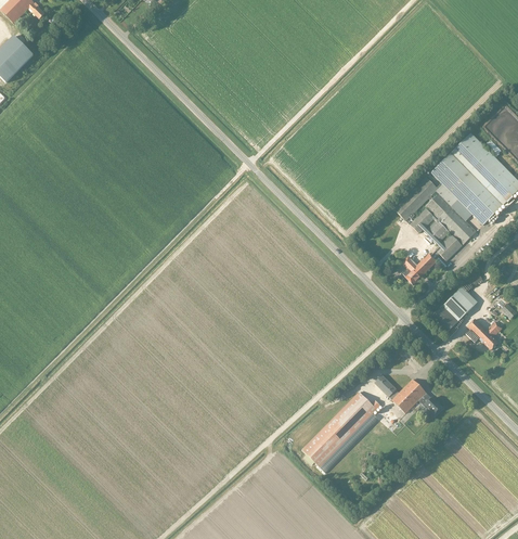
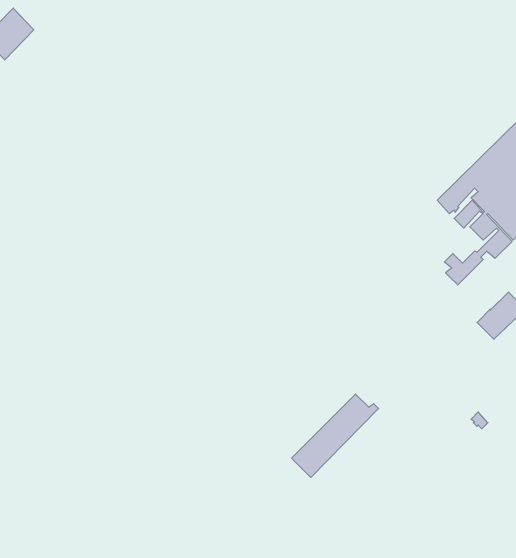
building: [375,374,426,413] -> none
building: [302,392,380,466] -> [292,394,379,477]

